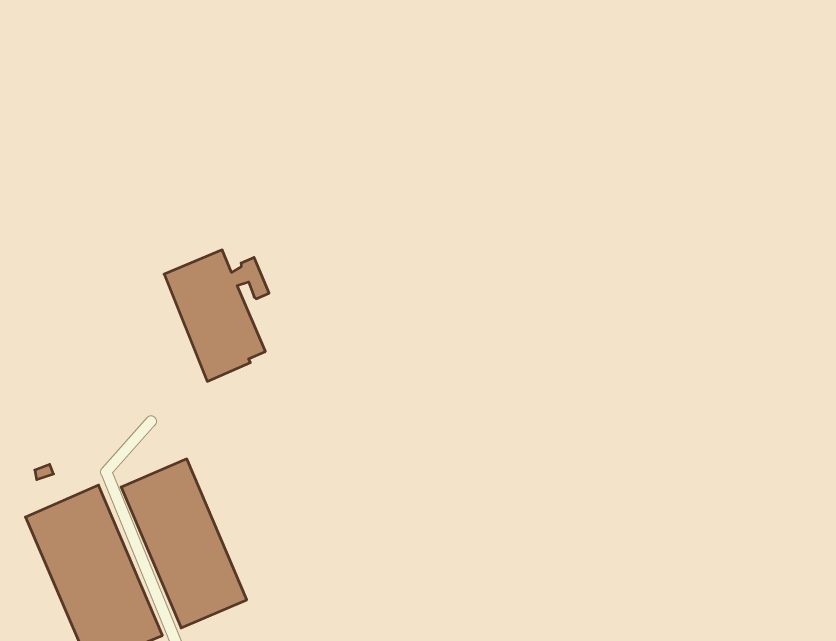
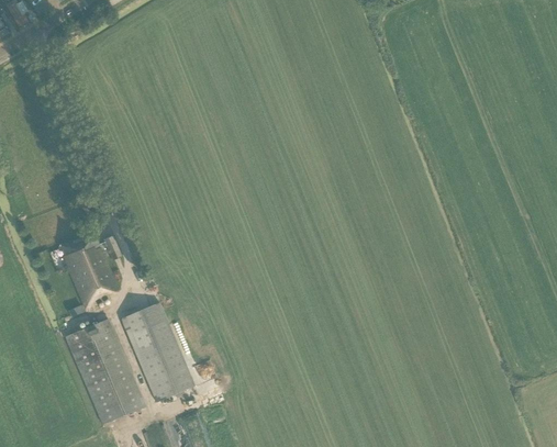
building: [164,250,269,381] -> [58,230,120,306]

